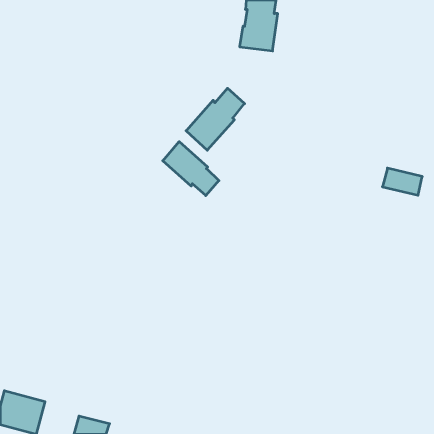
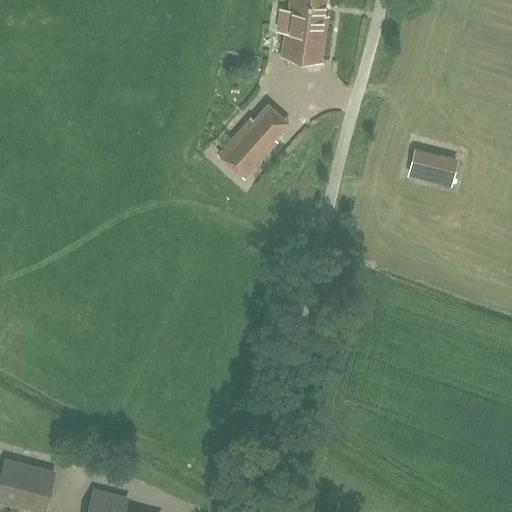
building: [163,142,219,196] -> none
building: [382,168,422,195] -> [409,152,456,184]

